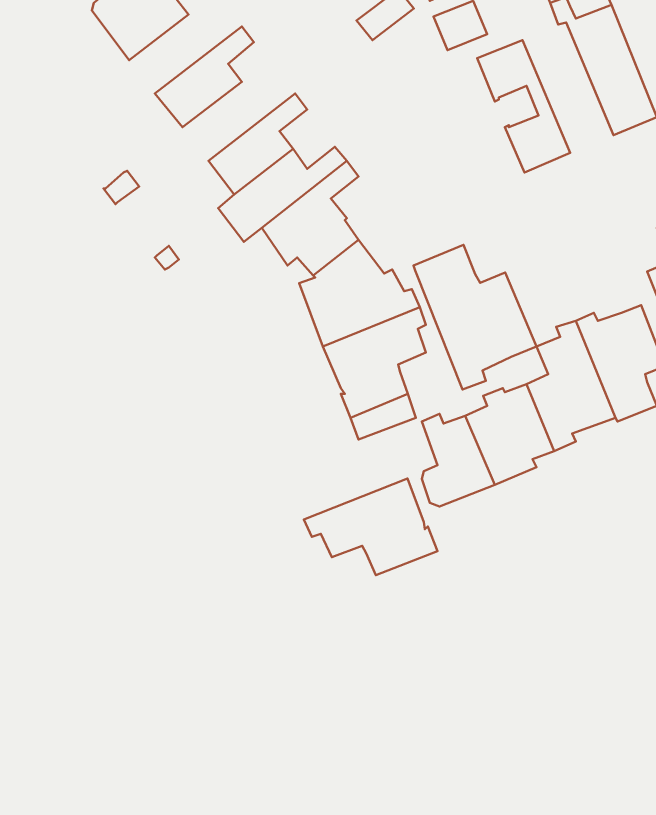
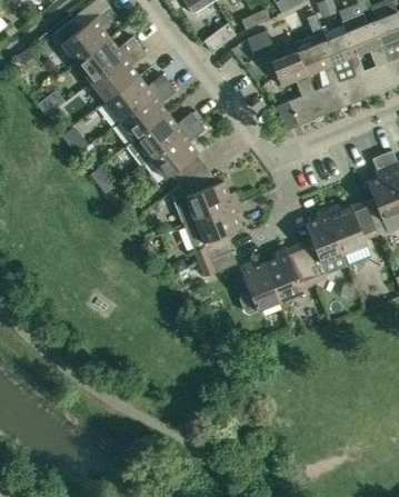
building: none -> [74,36,138,82]
building: none -> [296,42,347,116]
building: none -> [104,73,168,120]
building: [413,245,536,389] -> none
building: [304,479,437,575] -> none

